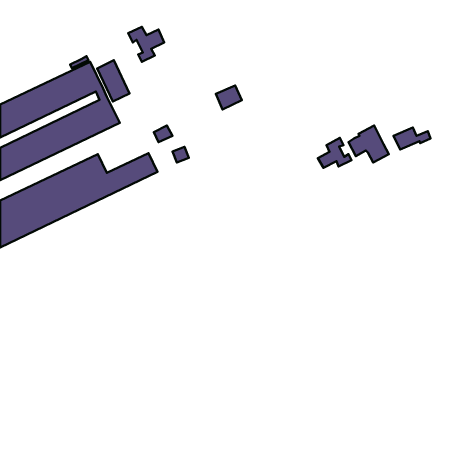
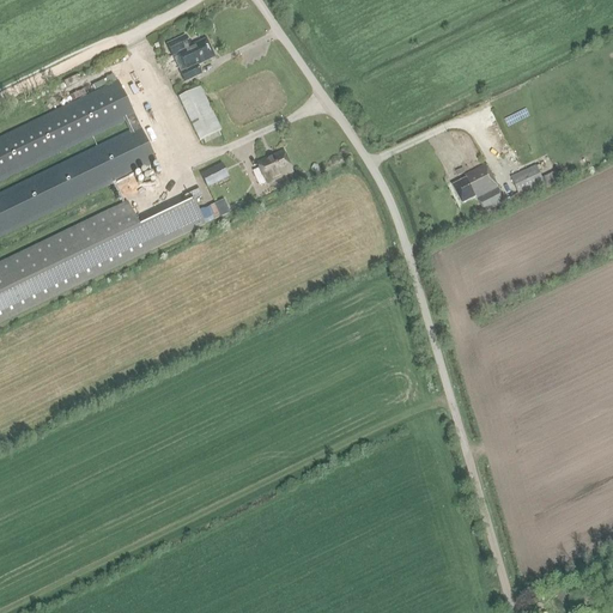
building: [97,60,130,102] -> [178,85,220,139]
building: [216,86,242,110] -> [259,151,292,182]
building: [318,138,351,168] -> none

